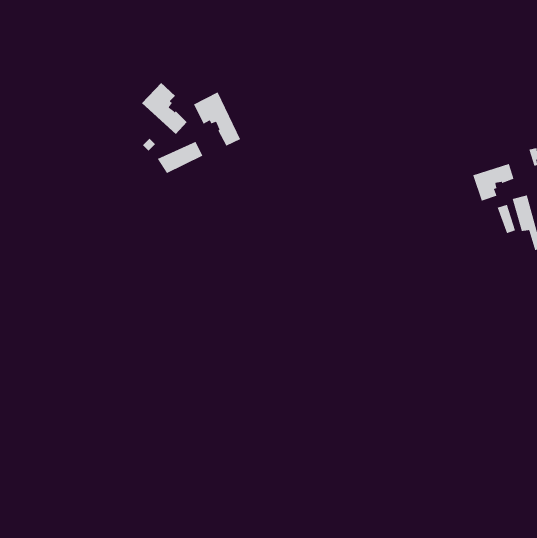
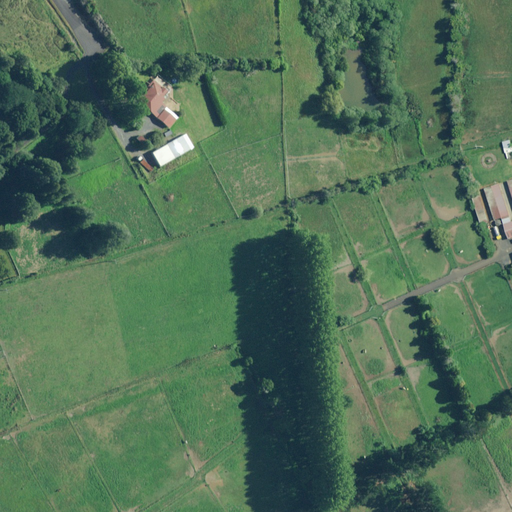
building: [193,92,241,147] -> none
building: [473,163,514,201] -> none

